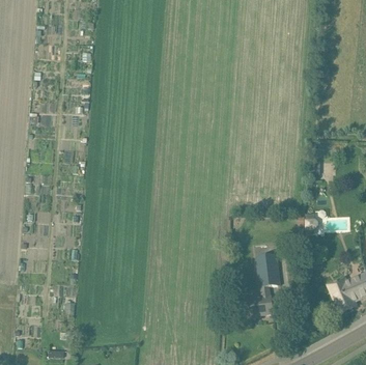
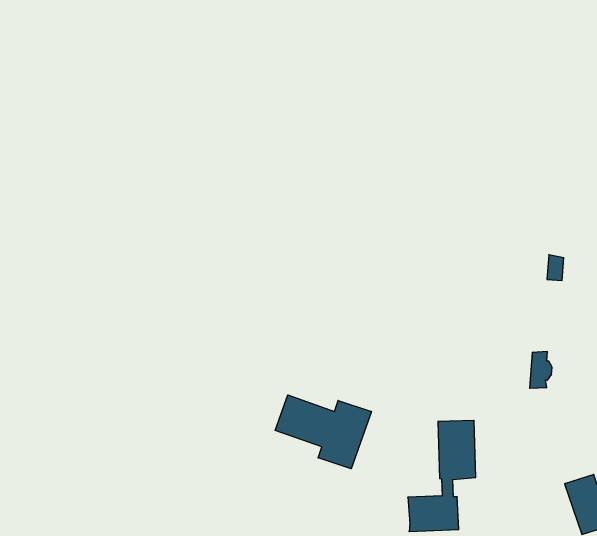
building: none -> [275,395,371,469]

